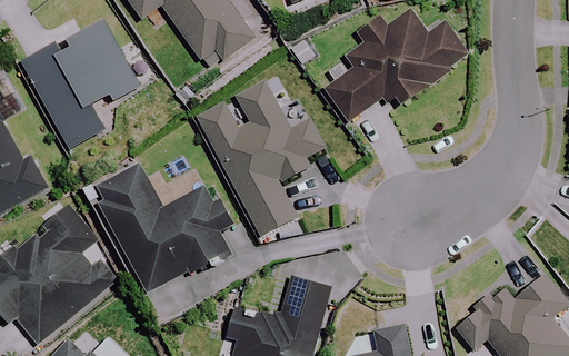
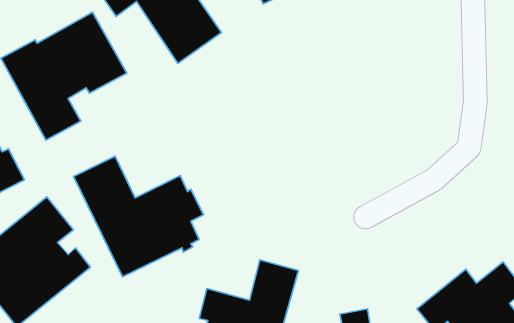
building: [322,11,468,123] -> none
building: [198,81,323,235] -> none

